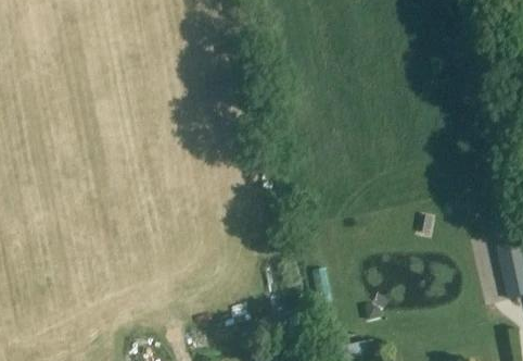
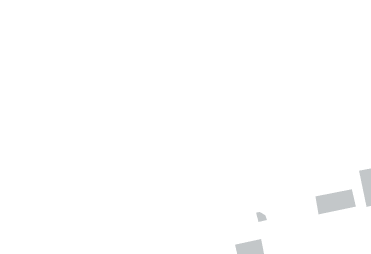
building: none -> [315,188,356,215]

